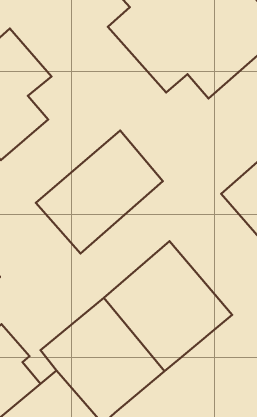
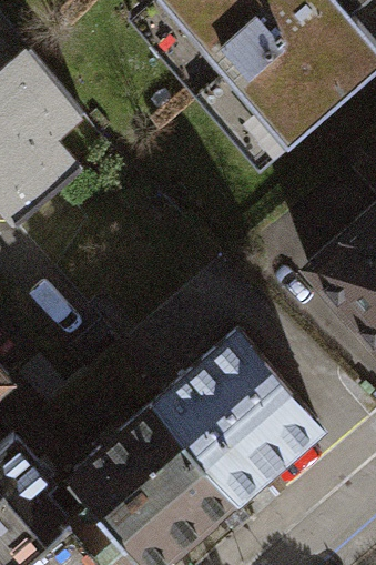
building: [36,131,163,253] -> none

